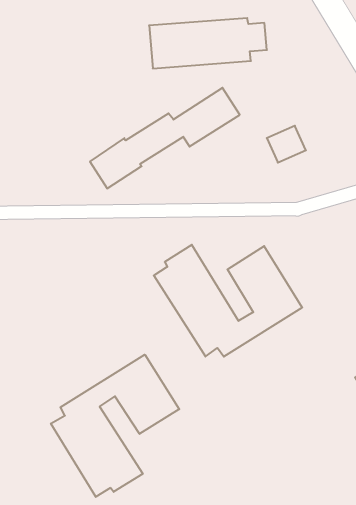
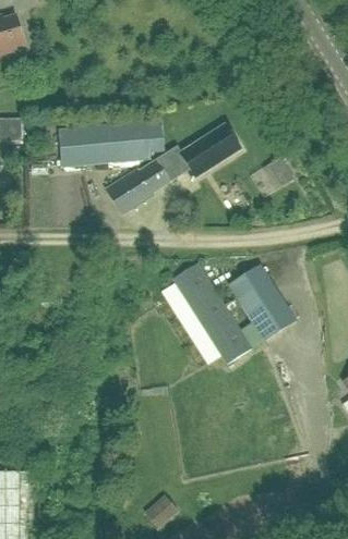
building: [149,18,267,68] -> [59,121,164,166]
building: [51,355,179,497] -> none

